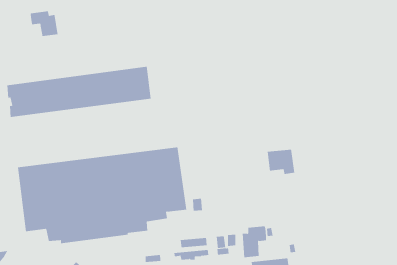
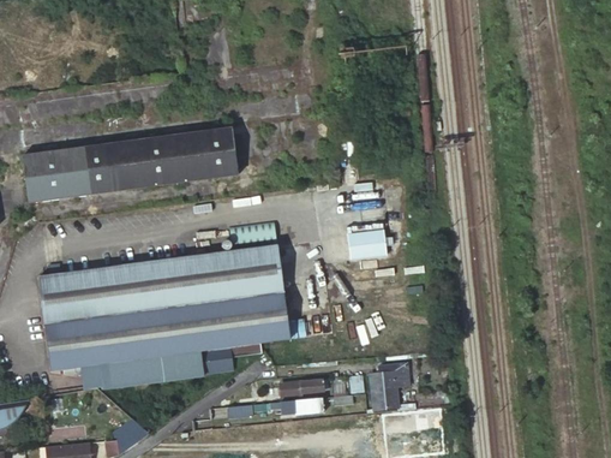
building: [30,10,58,37] -> none
building: [267,149,295,174] -> [345,226,387,263]

